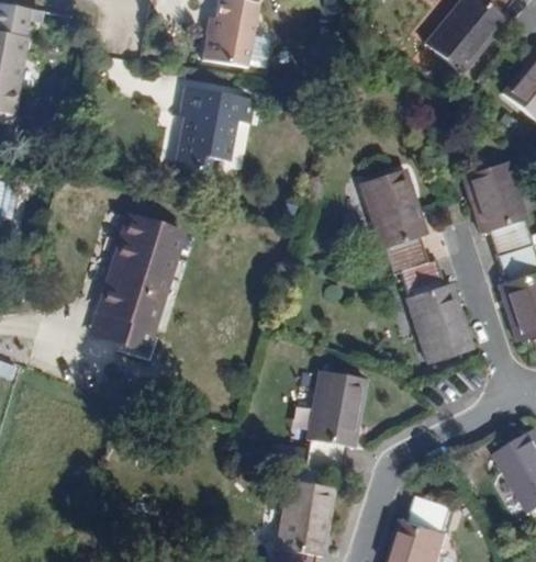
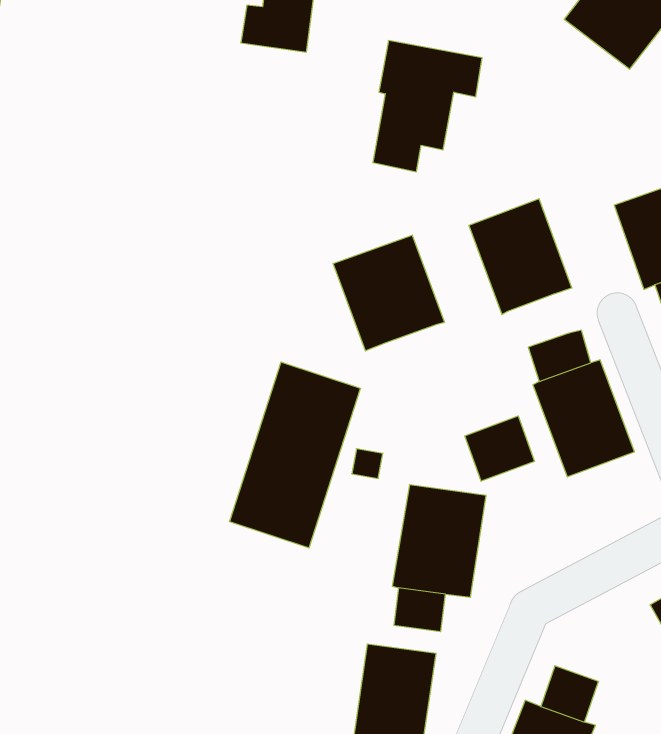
building: [180,83,257,176] -> [373,41,482,172]
building: none -> [333,235,444,351]
building: [96,216,188,347] -> [229,362,361,548]
building: [386,235,428,274] -> none
building: none -> [465,416,535,481]

